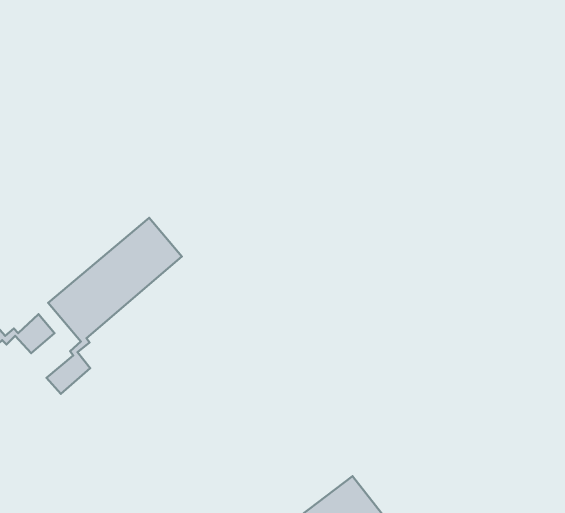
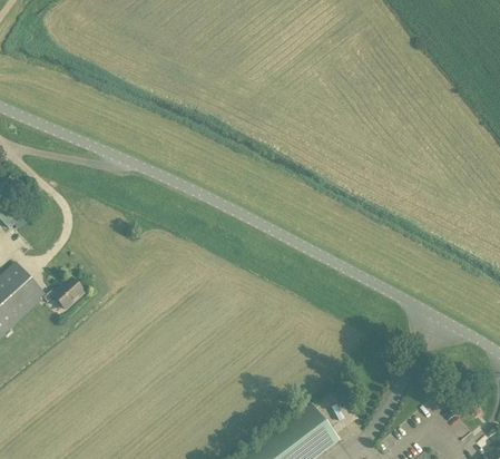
building: [47,218,182,394] -> none

